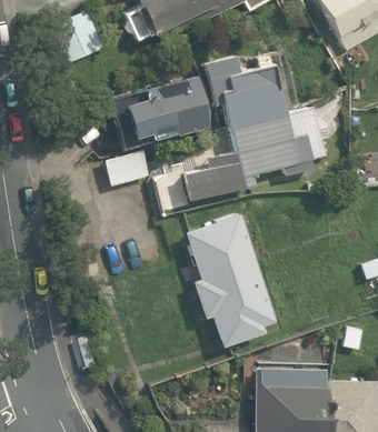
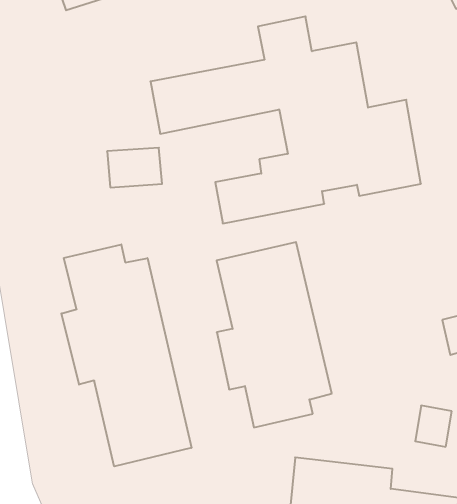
building: none -> [61,244,191,466]

